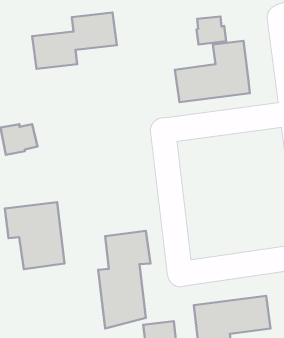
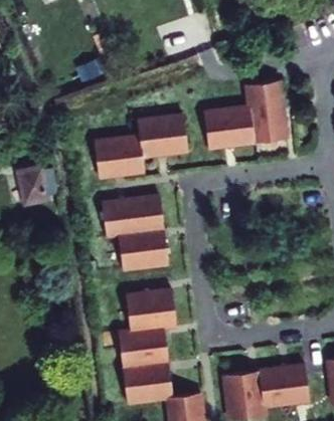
building: [32,13,117,69] -> [94,114,188,176]
building: [196,16,226,45] -> none
building: [5,202,64,269] -> [104,197,170,271]

